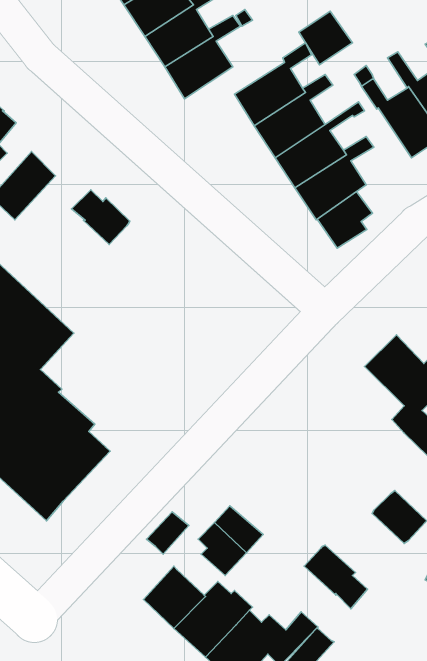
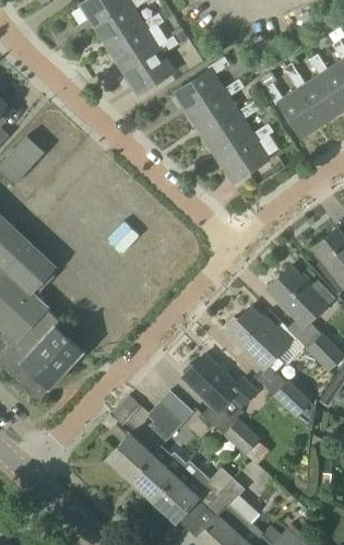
building: [299,11,352,65] -> none
building: [72,190,130,245] -> none
building: [317,192,372,248] -> none
building: none -> [226,308,297,375]
building: none -> [183,355,259,411]

